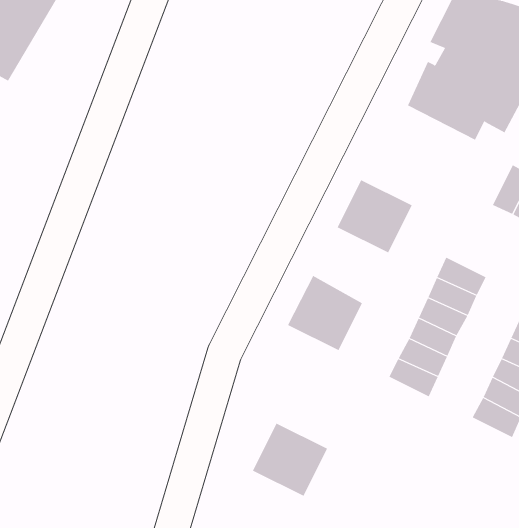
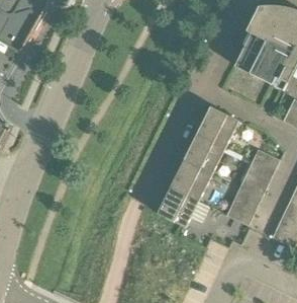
building: none -> [184,132,225,173]
building: [252,423,328,497] -> [157,185,198,226]

